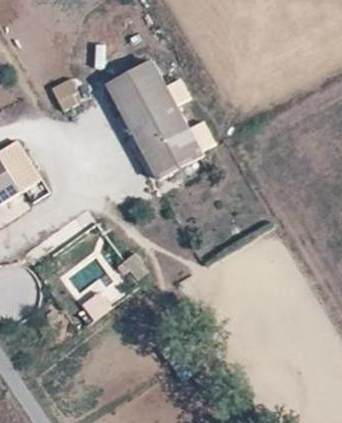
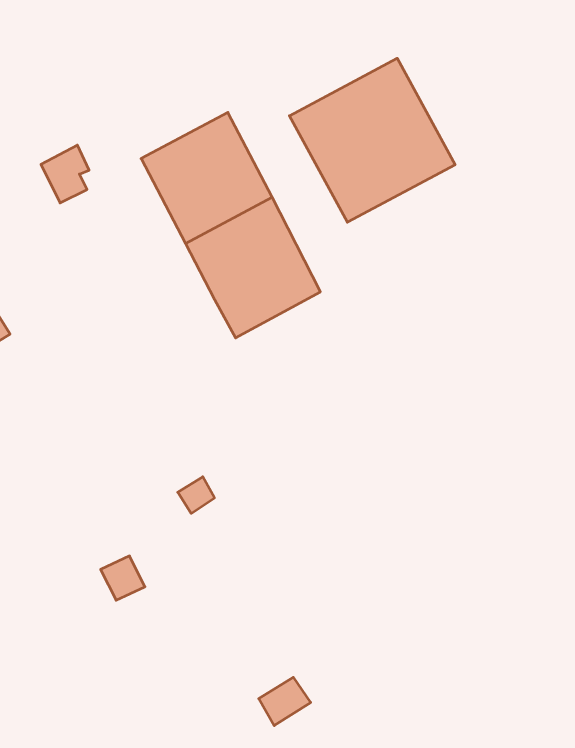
building: none -> [289,58,455,222]

